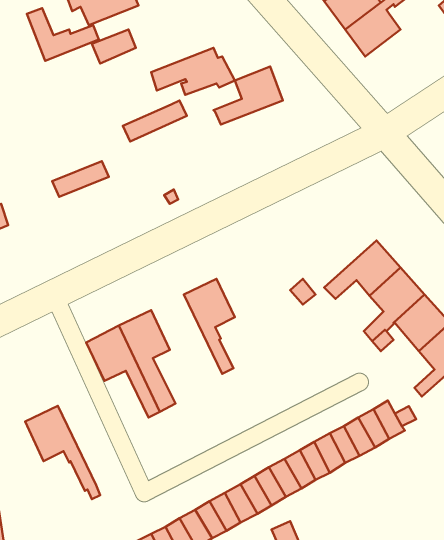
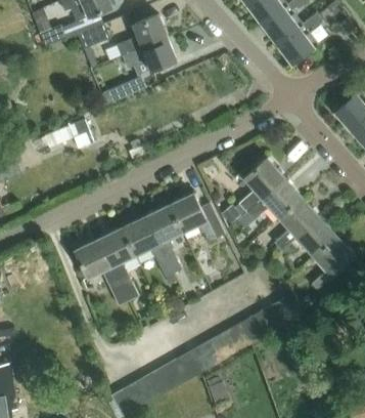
building: none -> [276,13,323,64]
building: [214,66,283,124] -> [117,13,167,55]
building: none -> [240,157,284,211]
building: none -> [169,194,223,243]
building: [25,406,100,499] -> [122,216,176,284]

